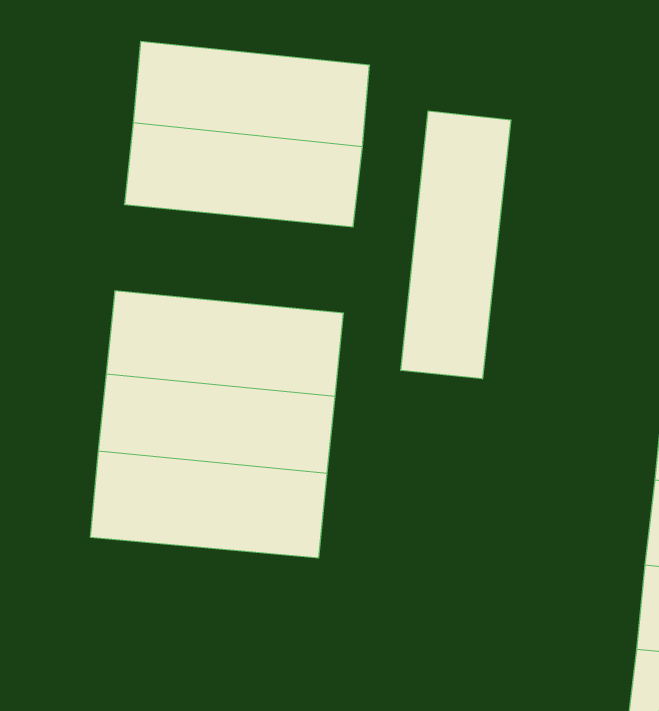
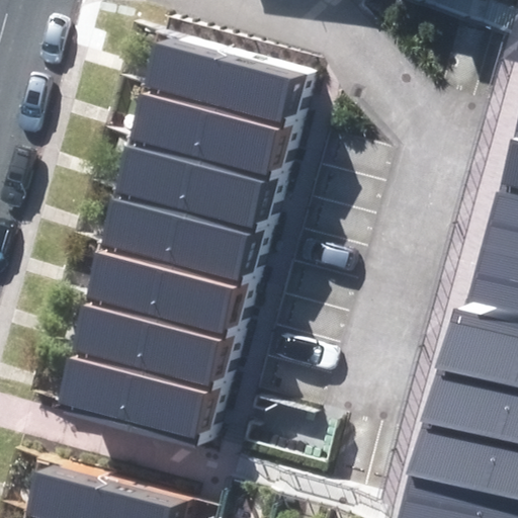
building: [401,111,511,379] -> none
building: none -> [113,143,272,233]
building: none -> [62,353,220,442]

